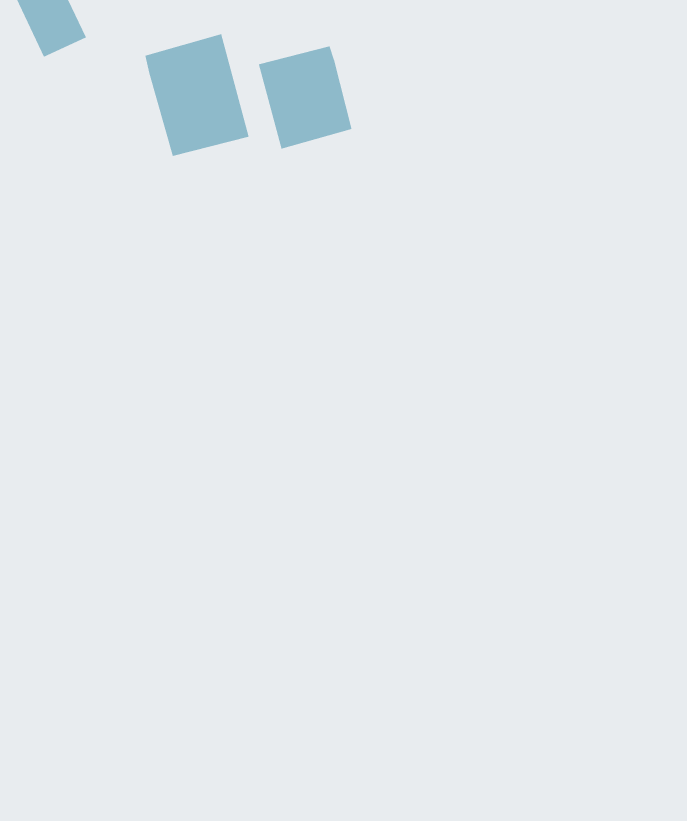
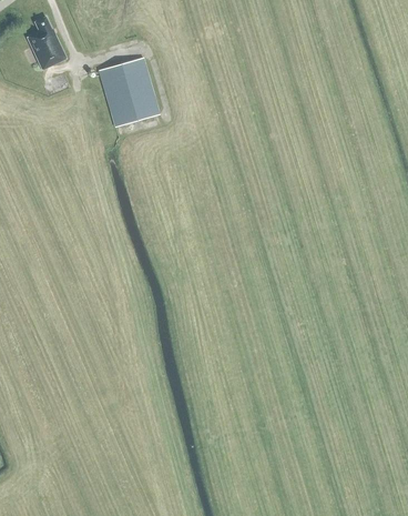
building: [258,45,352,149] -> none

